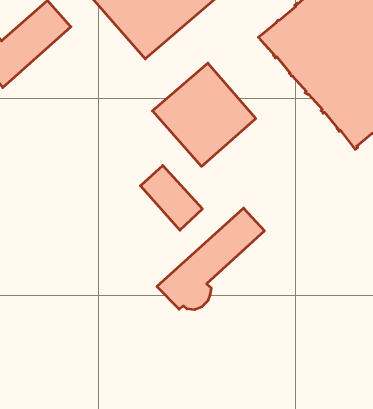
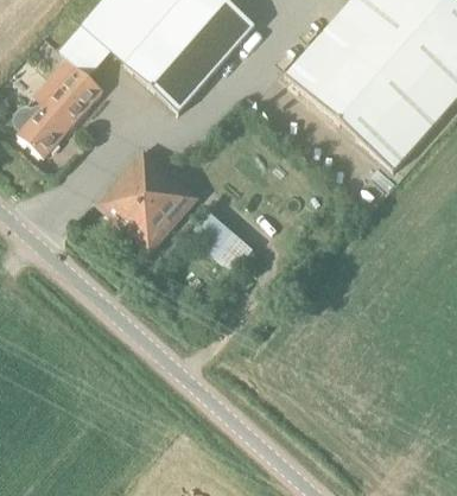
building: [152,63,256,166] -> [96,148,197,249]
building: [157,208,264,310] -> none

